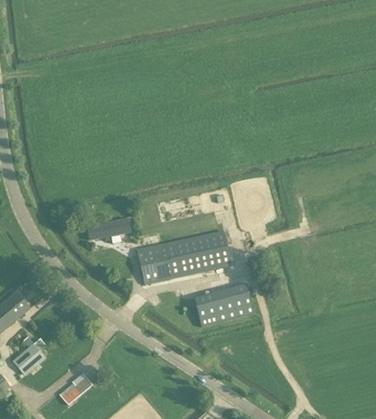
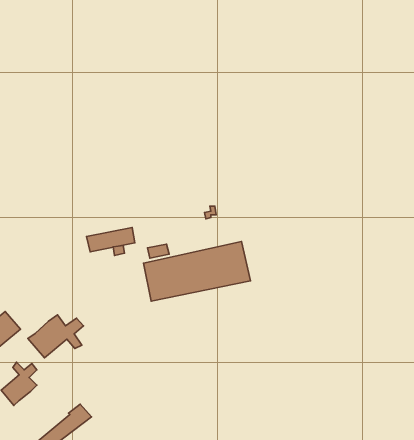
building: [191,284,251,327] -> none
building: none -> [28,315,83,358]

